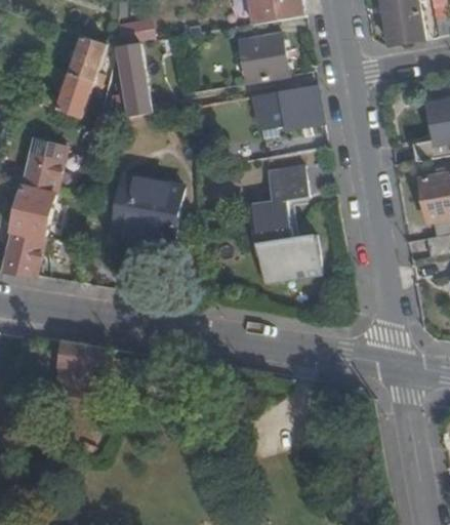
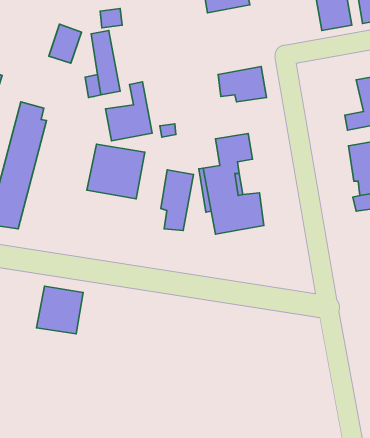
building: [240,33,288,83] -> none
building: [56,74,94,119] -> none
building: none -> [105,82,152,141]
building: none -> [161,170,193,231]

